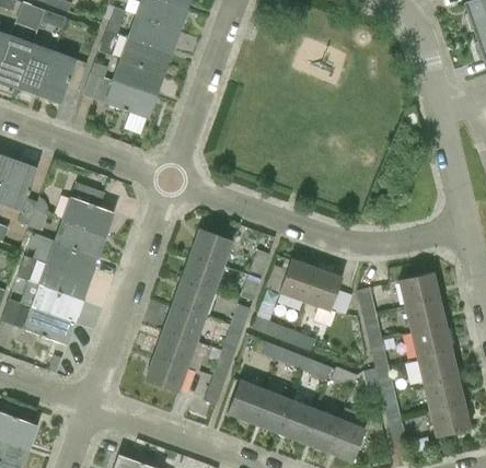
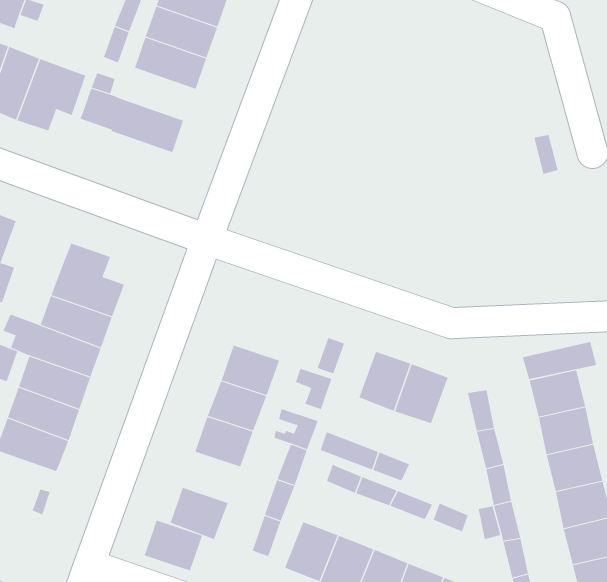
building: [112,59,164,96] -> none
building: [190,229,232,266] -> none
building: none -> [522,341,597,380]
building: [154,330,196,366] -> [144,520,203,571]

